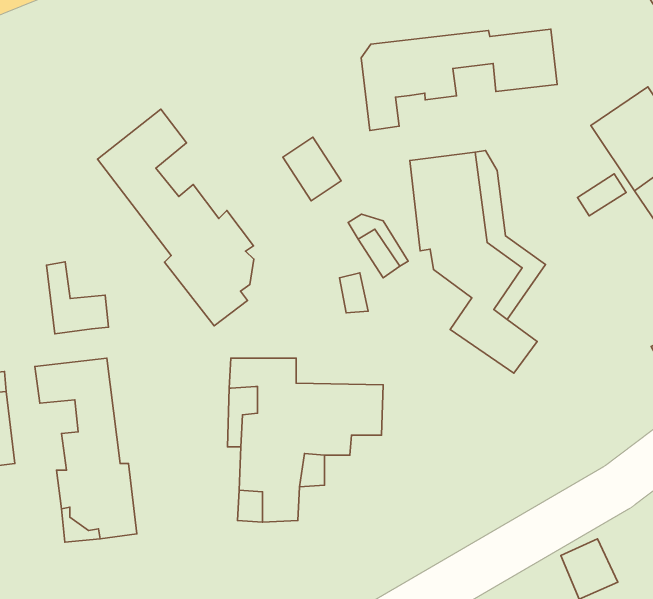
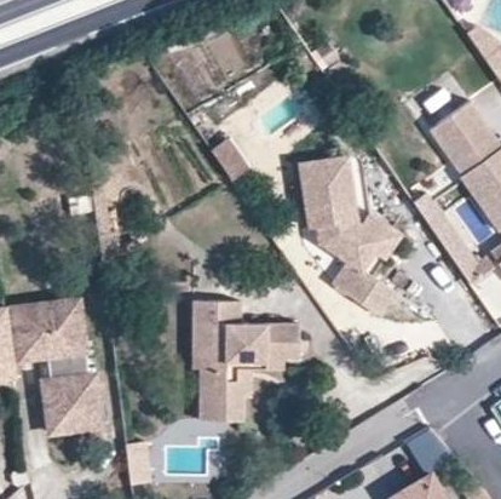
building: [361,29,557,130] -> none
building: [97,109,254,326] -> none
building: [47,262,109,334] -> [17,306,62,359]

